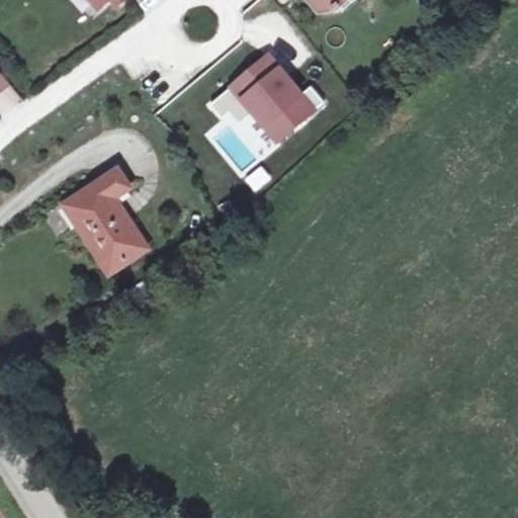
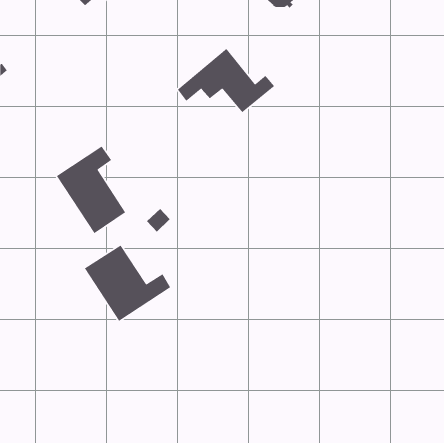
building: none -> [84,245,171,322]

